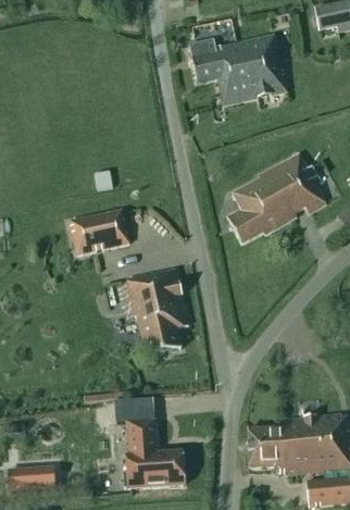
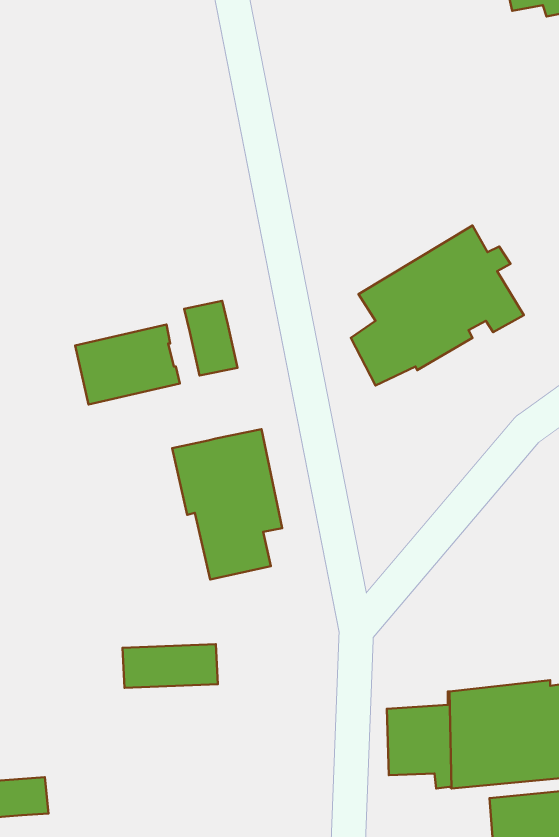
building: [189,35,287,103] -> none
building: none -> [184,301,238,375]
building: [124,419,185,487] -> none

